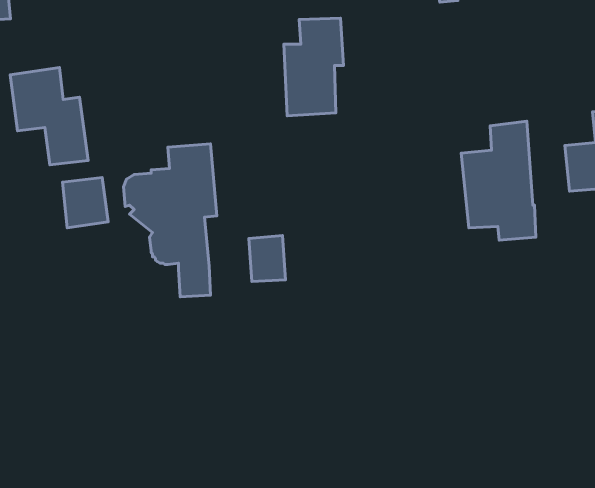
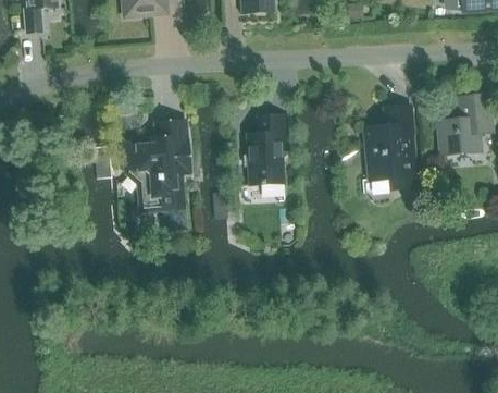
building: [284,18,344,116] -> [247,114,289,184]
building: [10,68,88,165] -> none

